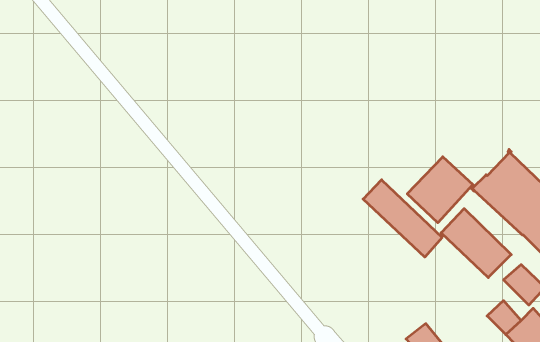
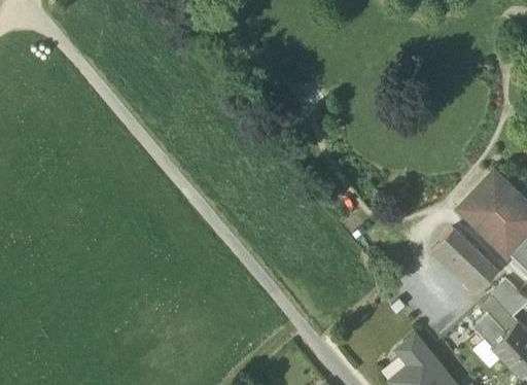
building: [407,157,473,223] -> none
building: [363,180,442,257] -> none

